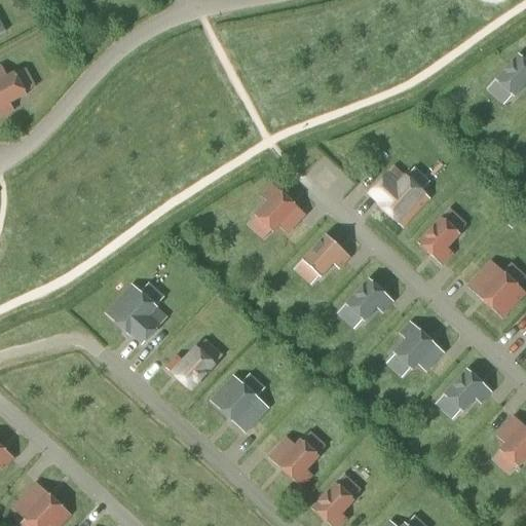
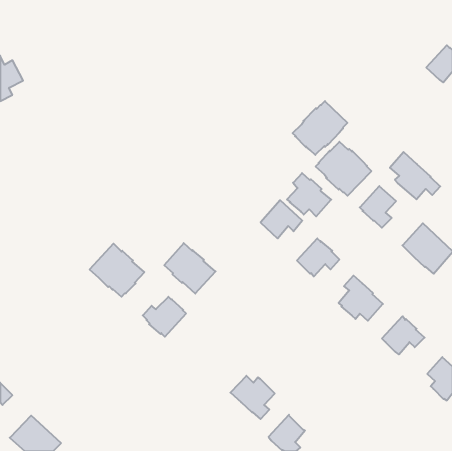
building: none -> [293,101,347,155]
building: none -> [390,152,440,199]
building: [255,183,306,233] -> [287,173,331,216]
building: [211,374,270,433] -> [164,243,216,294]

